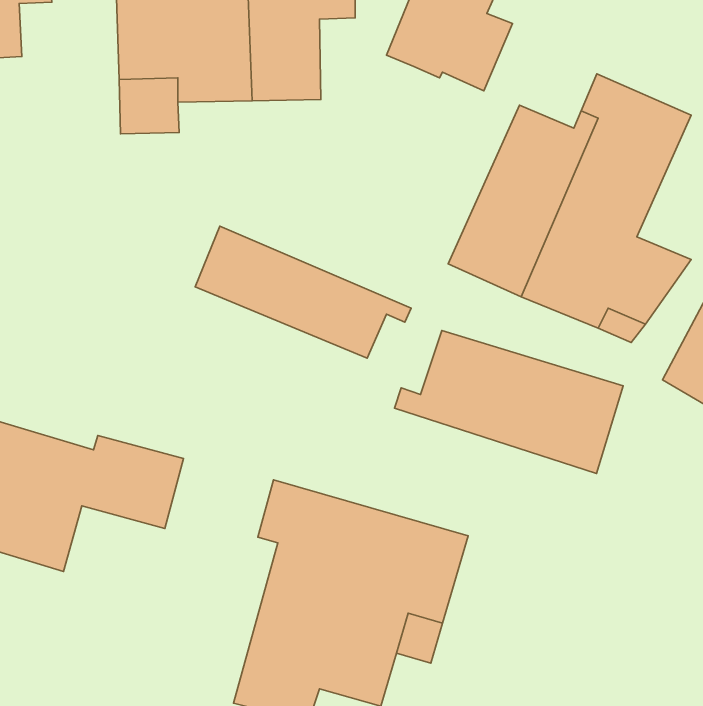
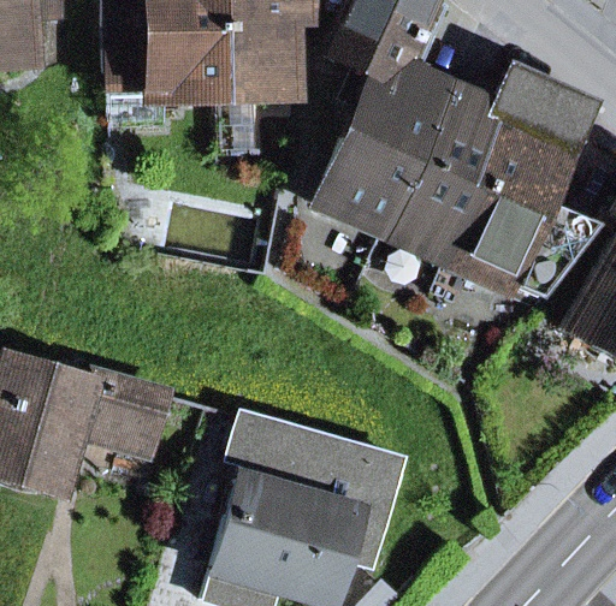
building: none -> [320,66,448,232]
building: [195,226,411,358] -> none
building: [394,330,623,473] -> none

